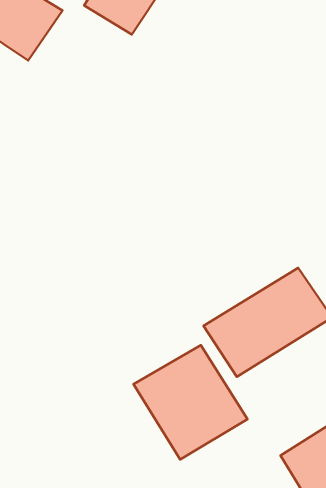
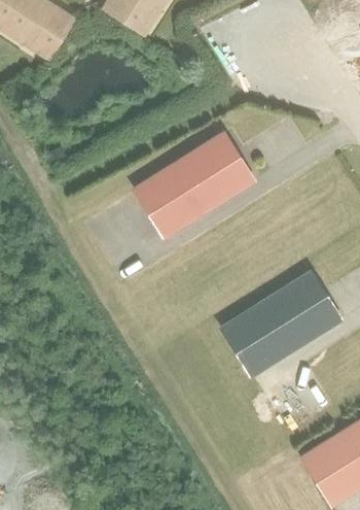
building: none -> [132,131,260,242]
building: [134,345,247,459] -> none

